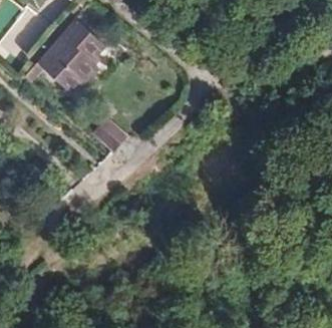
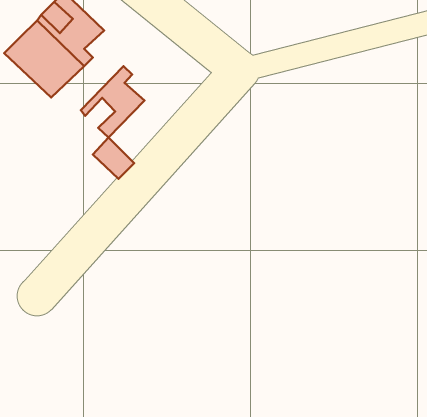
building: none -> [81,66,145,138]

